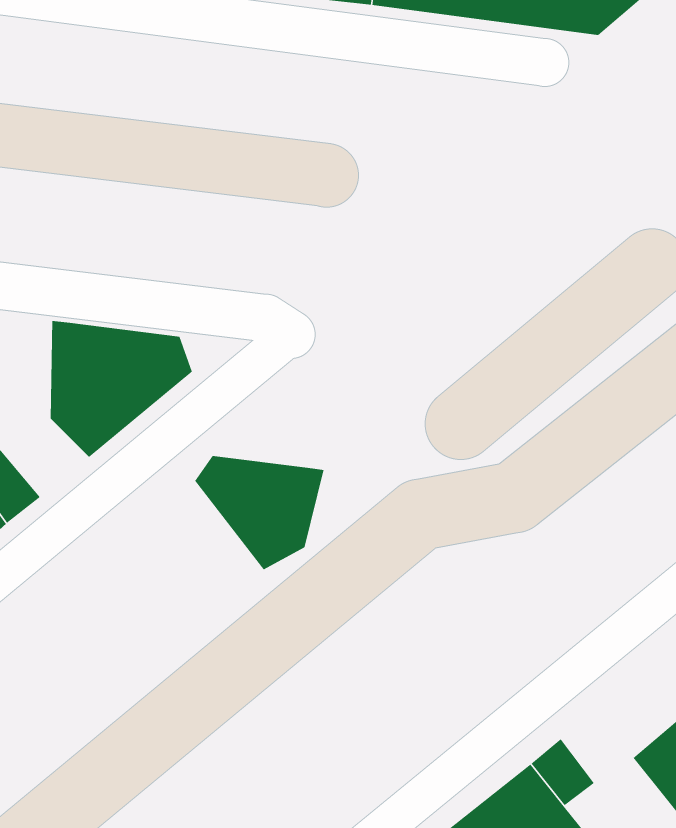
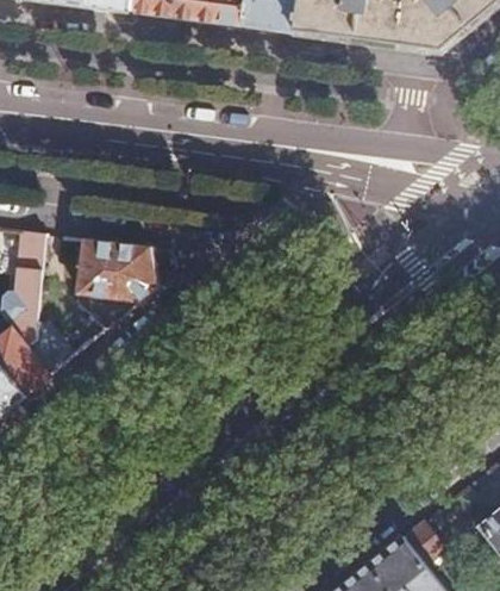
building: [194,455,324,570] -> none

